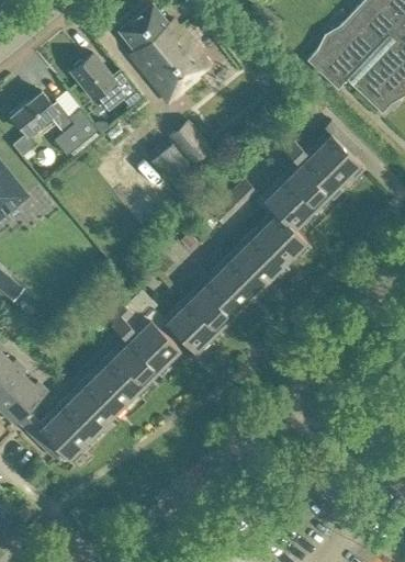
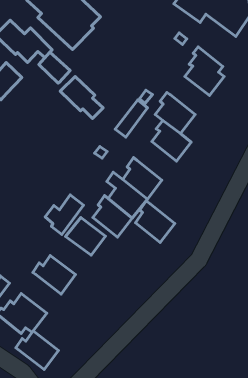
building: [171,122,211,164] -> [39,52,70,83]
building: [282,139,338,207] -> none
building: [234,231,284,286] -> [135,201,175,242]
building: [102,342,158,393] -> none
building: [58,386,113,438] -> [16,331,59,370]

